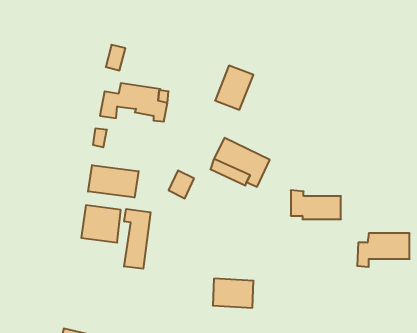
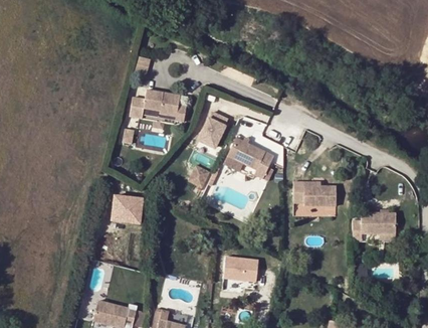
building: [215,66,253,110] -> [199,111,232,149]
building: [88,165,138,198] -> none
building: [124,209,151,269] -> none

